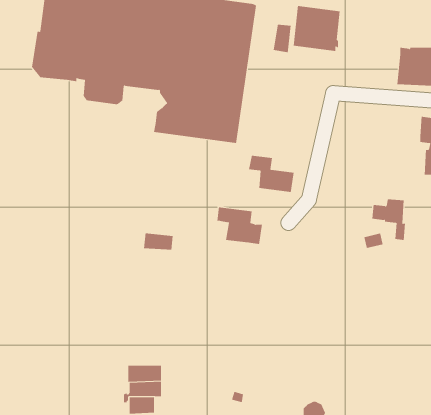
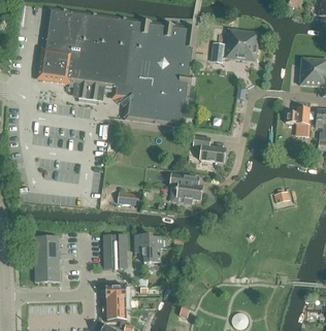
building: [371,199,406,240] -> [286,106,311,136]
building: none -> [104,234,127,268]
building: none -> [135,234,163,262]
building: none -> [34,235,60,282]

